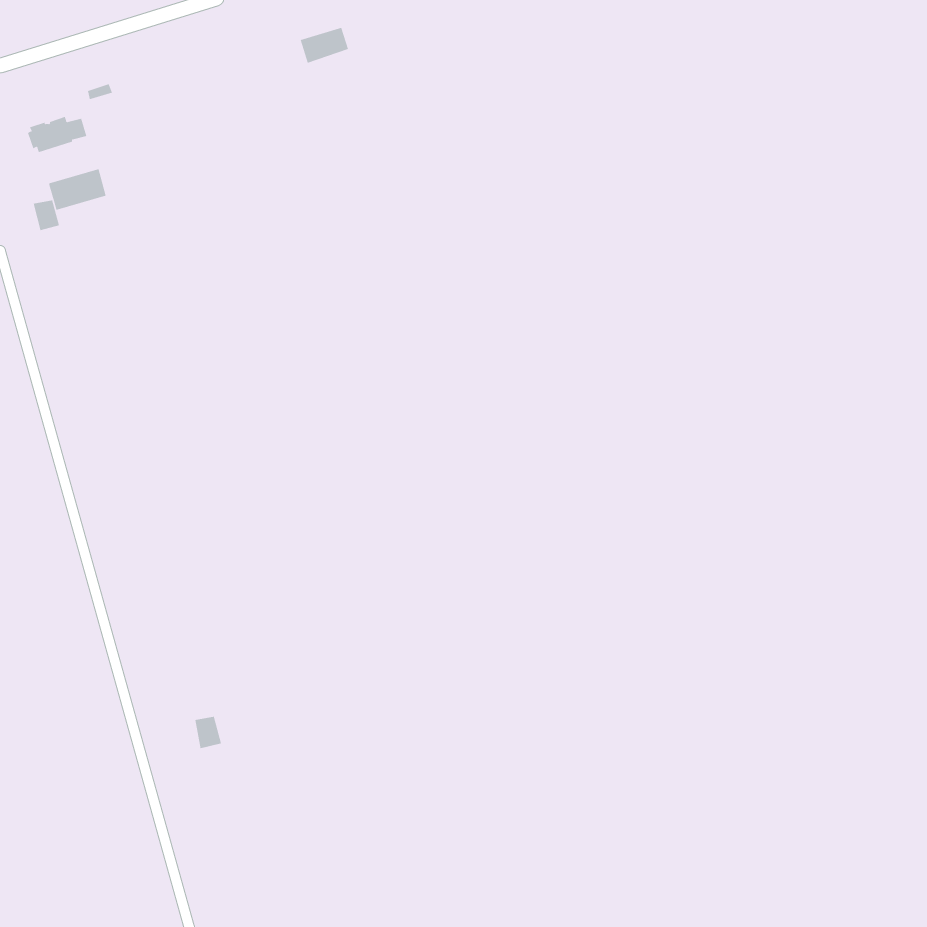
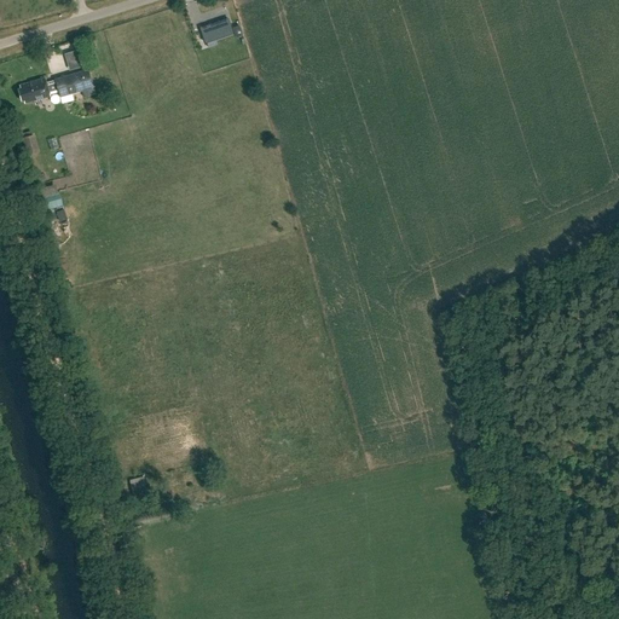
building: [48,169,107,210] -> [56,68,94,96]

